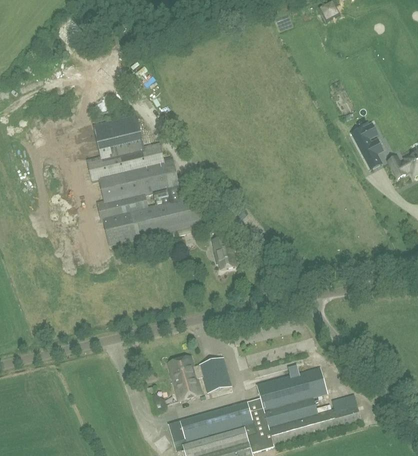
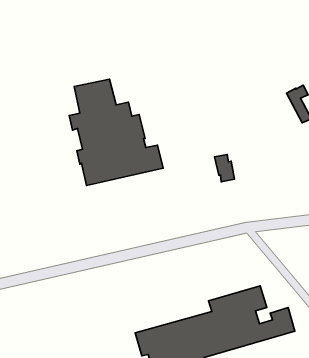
building: [212,235,236,268] -> [215,155,234,182]
building: [167,354,230,399] -> none

